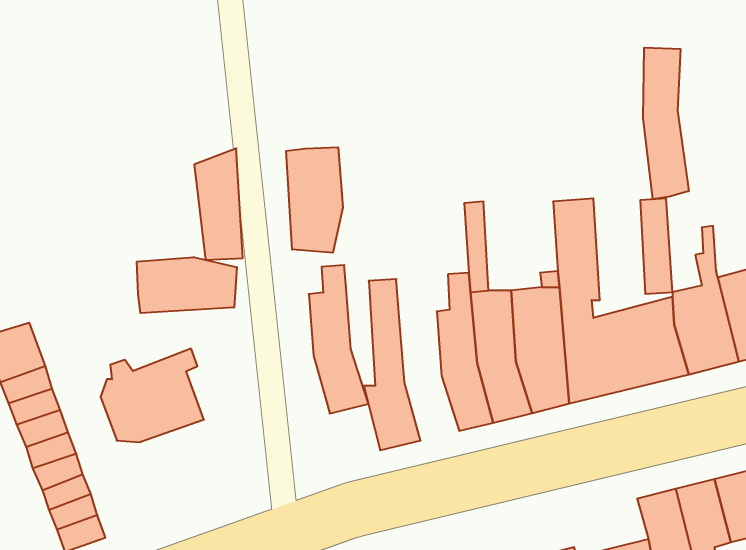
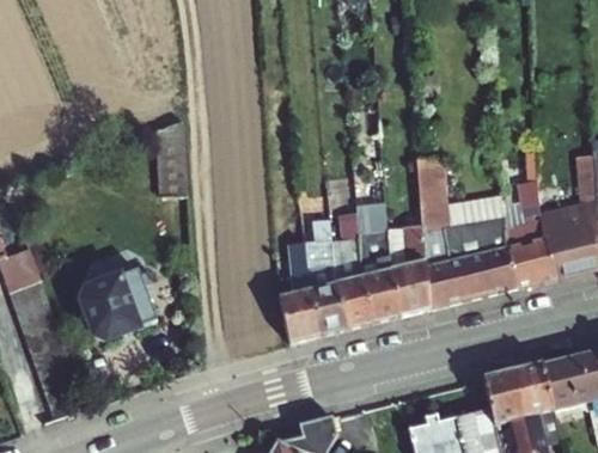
building: [643,48,689,199] -> none
building: [286,147,343,253] -> none
building: [137,257,237,313] -> none
building: [309,265,369,414] -> [305,225,349,335]

